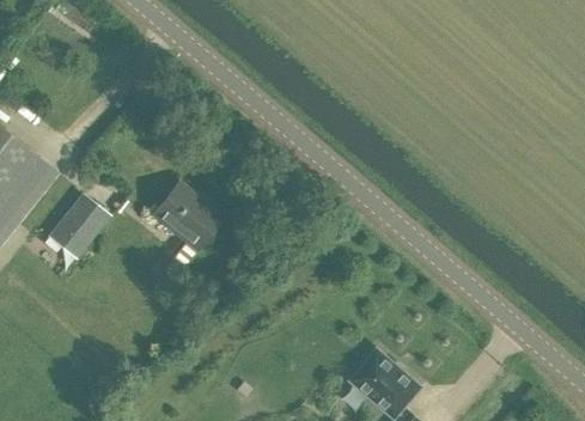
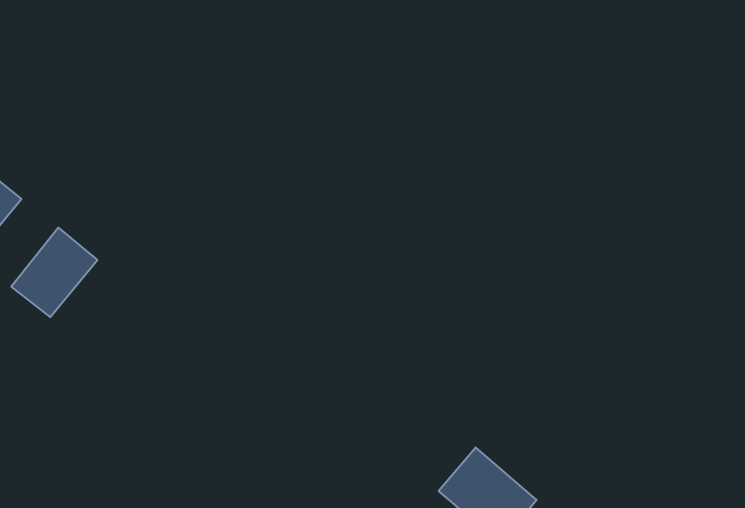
building: [152,183,224,248] -> none

